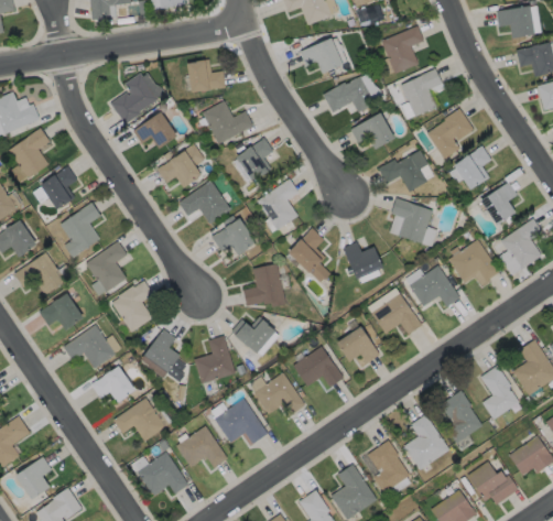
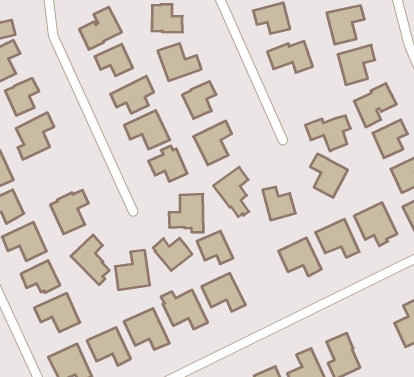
building: [350,112,395,150] -> none
building: [86,241,128,293] -> none
building: [337,327,380,363] -> [197,231,233,264]
building: [480,366,520,420] -> none

